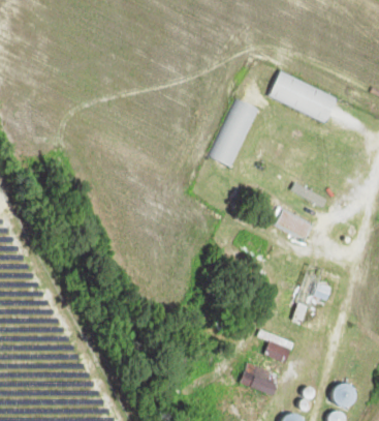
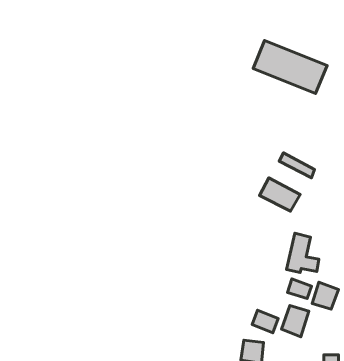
building: [209,97,257,167] -> none
building: none -> [312,282,338,309]
building: none -> [281,305,309,337]

